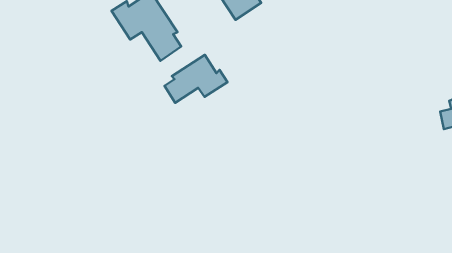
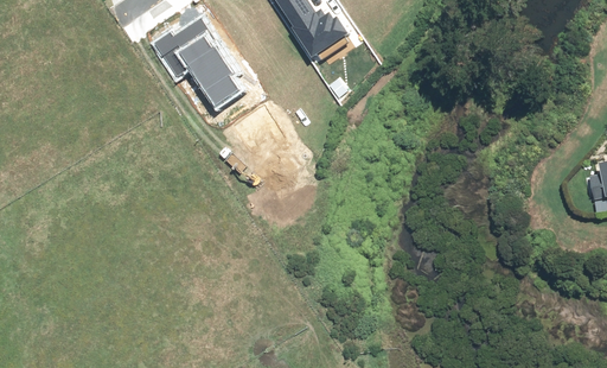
building: [165,55,228,103] -> none

